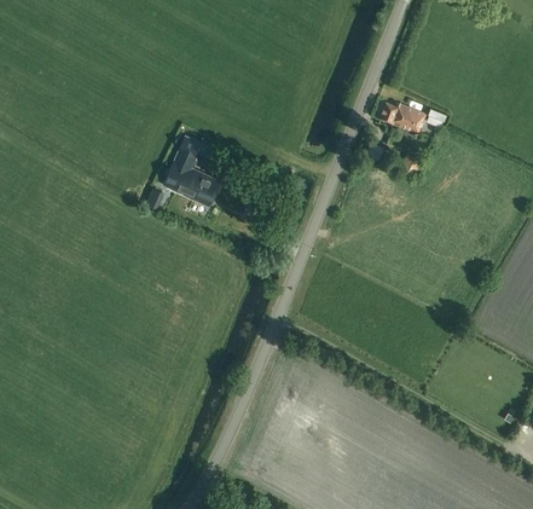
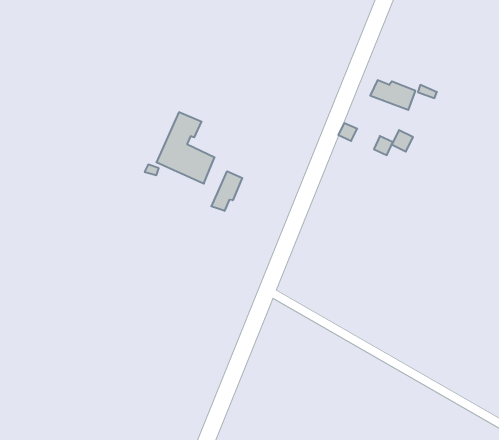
building: none -> [211,171,242,211]

